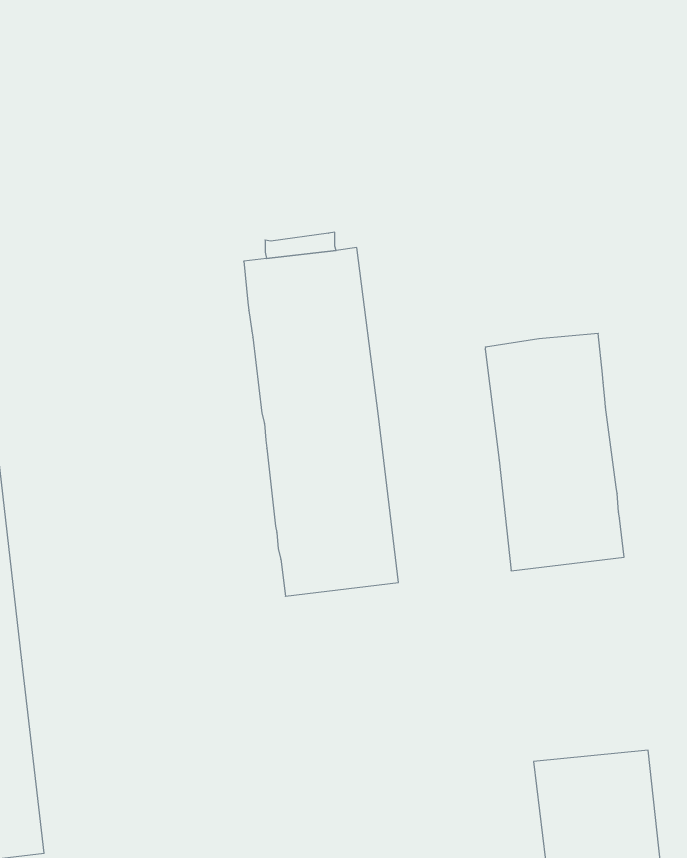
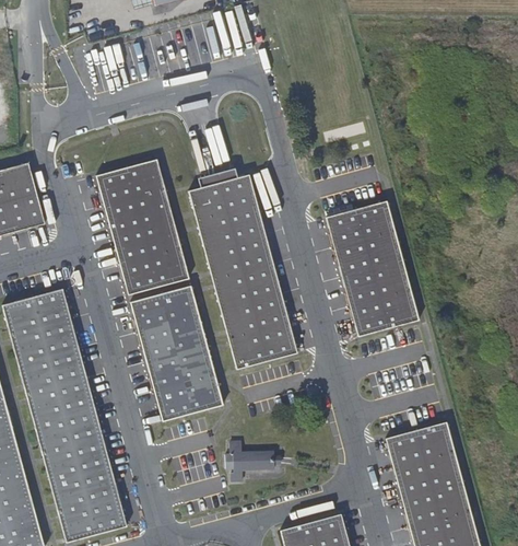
building: none -> [96,158,188,293]
building: none -> [130,286,222,421]
building: none -> [225,440,281,481]

